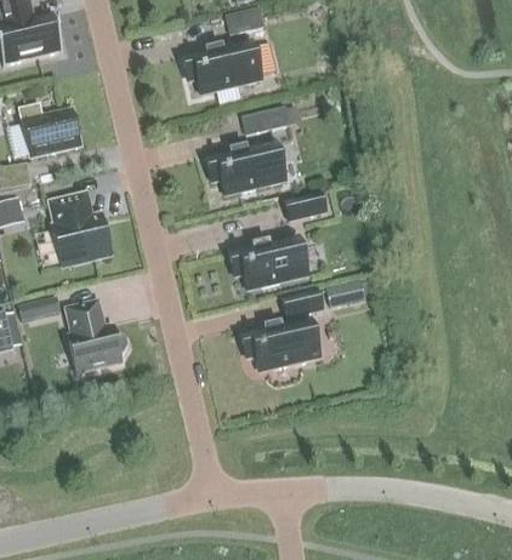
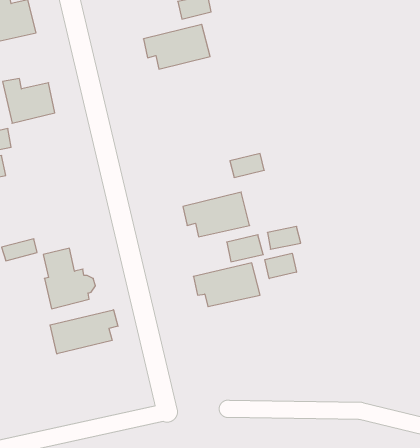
building: [241,105,290,136] -> none
building: [209,143,285,194] -> none
building: [52,196,112,265] -> none
building: none -> [265,253,296,279]
building: none -> [50,310,118,354]

